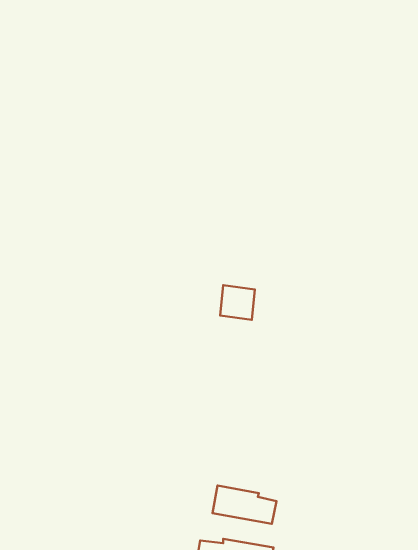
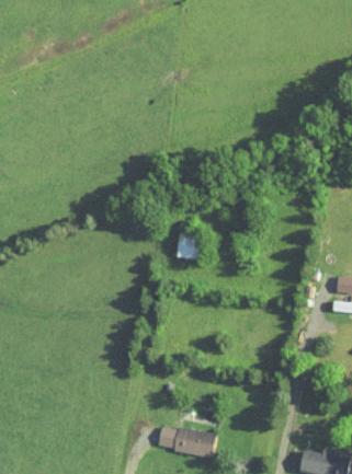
building: [213,485,276,524] -> none

